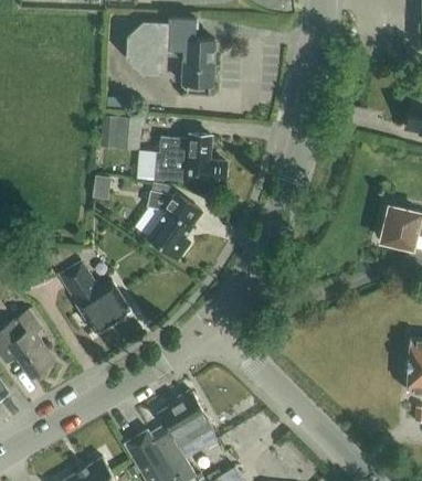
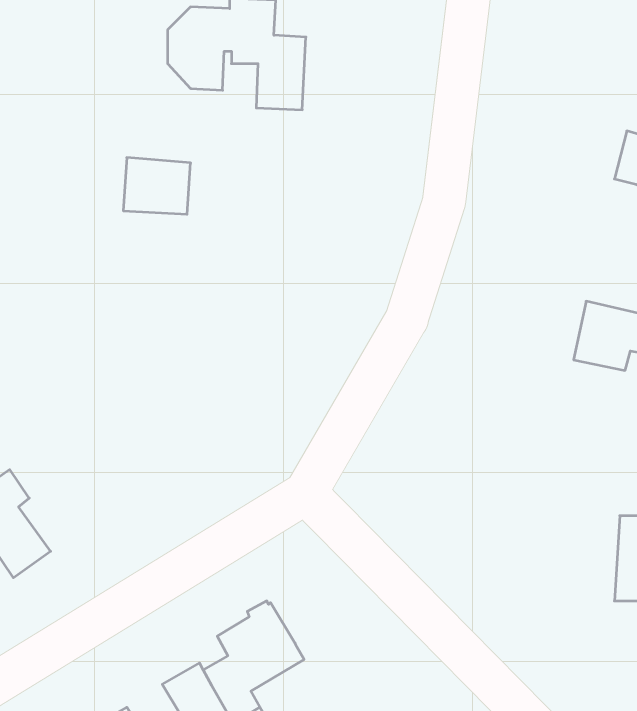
building: [156,136,225,184] -> none
building: [146,192,198,259] -> none
building: [60,263,130,334] -> none

